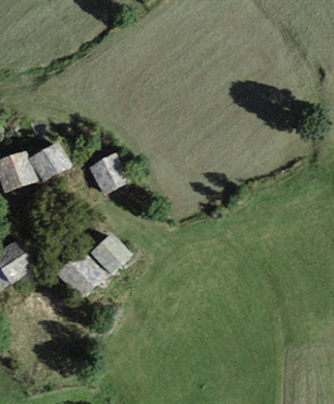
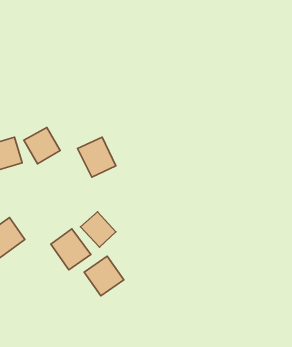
building: none -> [84,256,124,296]

